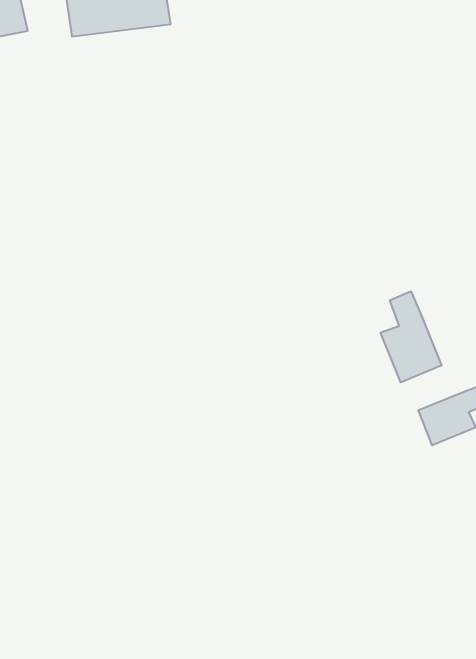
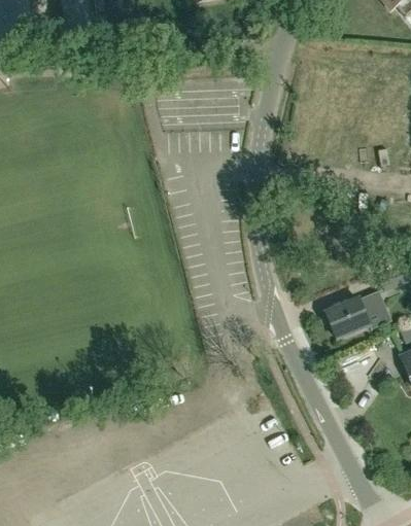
building: [381,291,442,382] -> none

